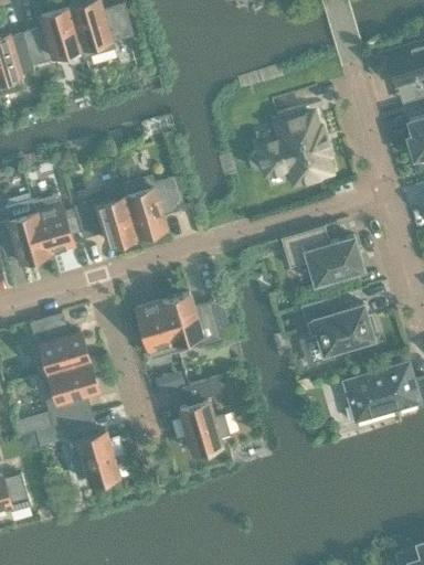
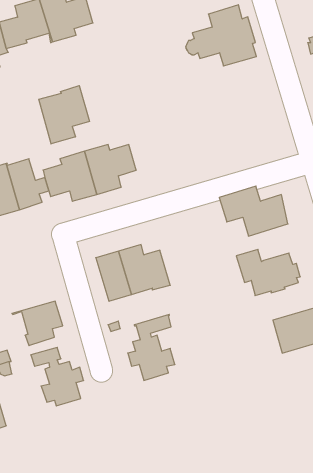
building: none -> [39,86,89,144]
building: [248,114,331,185] -> [186,5,256,66]
building: [30,315,88,376] -> none

